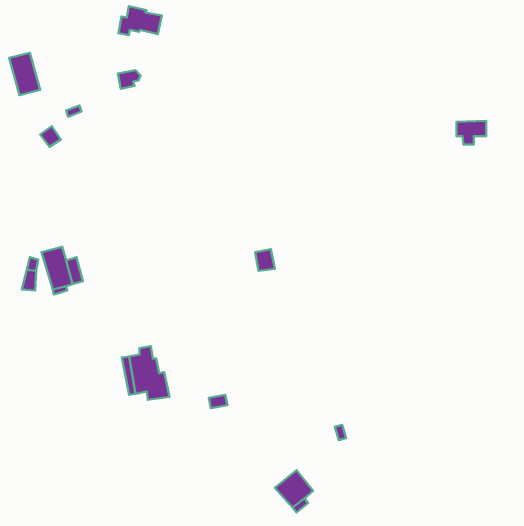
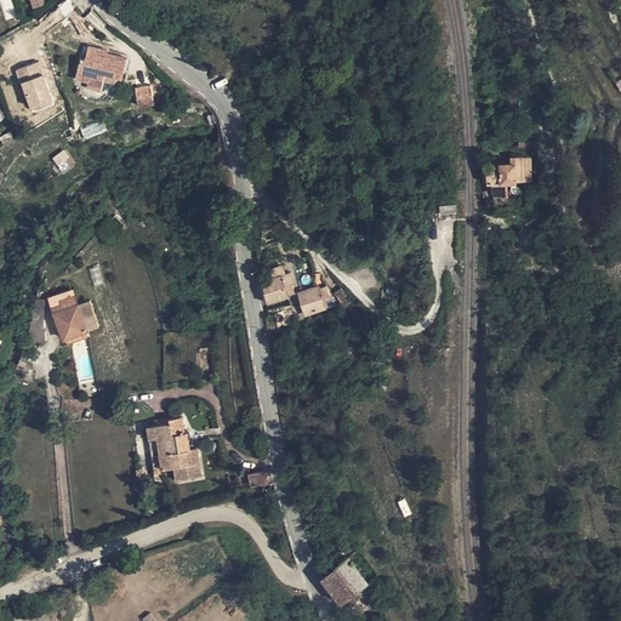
building: [119,6,162,35] -> [80,46,131,80]
building: [456,121,486,144] -> [488,167,523,195]
building: none -> [266,273,296,301]

